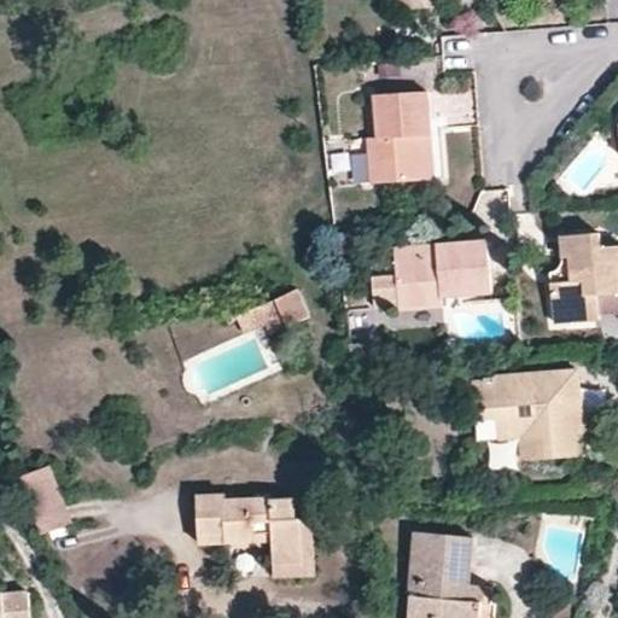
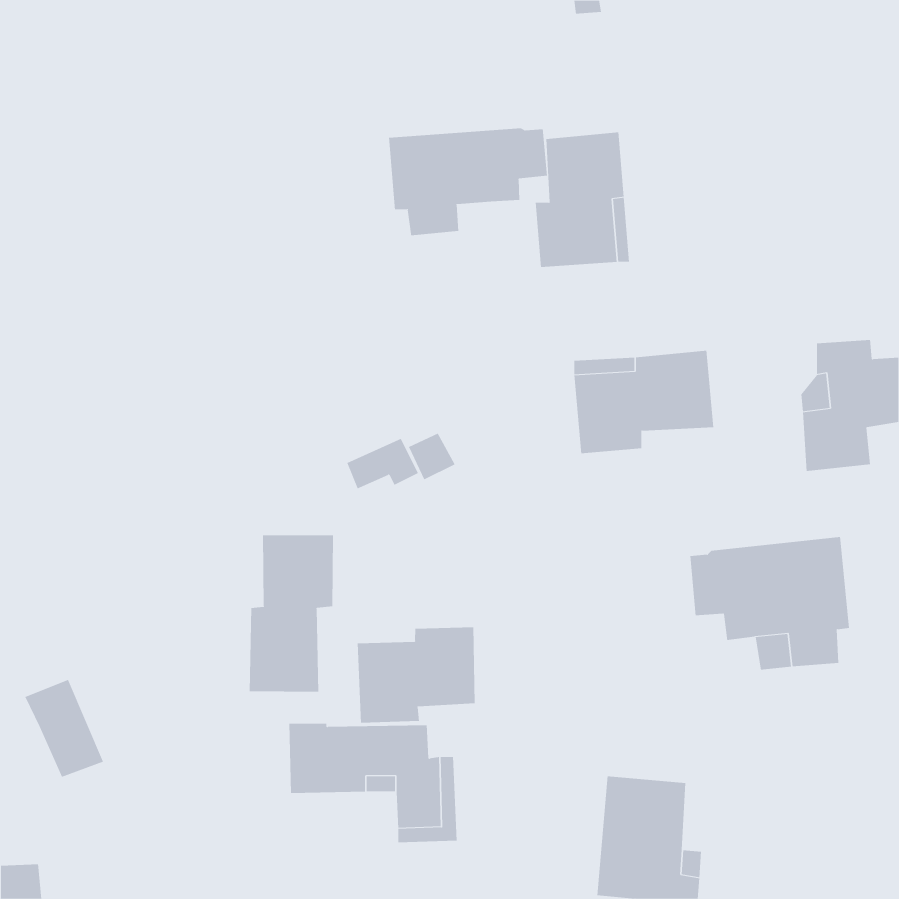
building: none -> [389,128,547,236]
building: none -> [249,535,333,693]
building: none -> [357,626,475,723]

